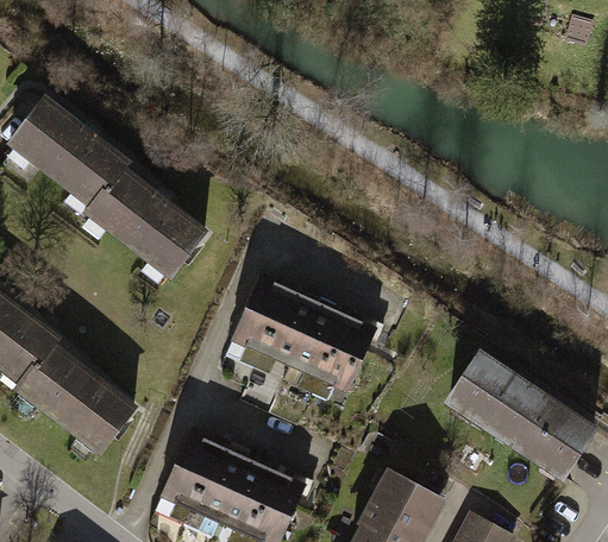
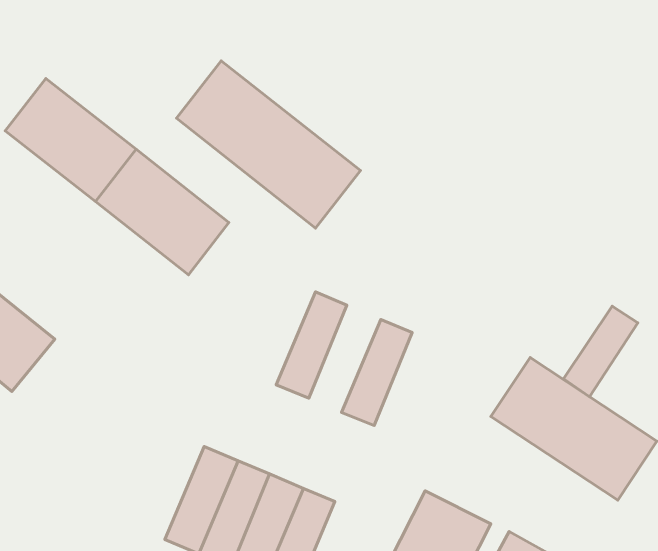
building: none -> [176,61,360,228]
building: [221,278,288,376] -> none
building: [282,303,347,401] -> none
building: none -> [563,306,638,397]
building: [12,334,138,452] -> none

